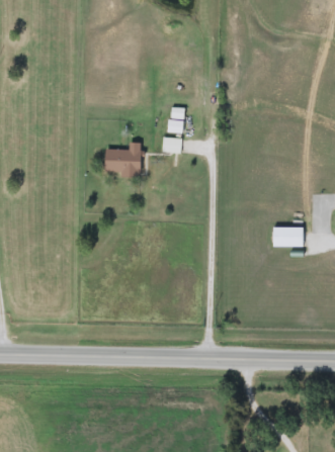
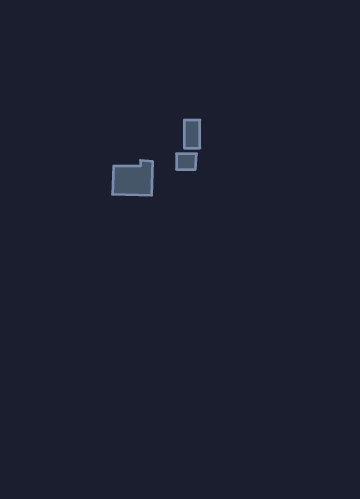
building: [271,227,303,247] -> none

